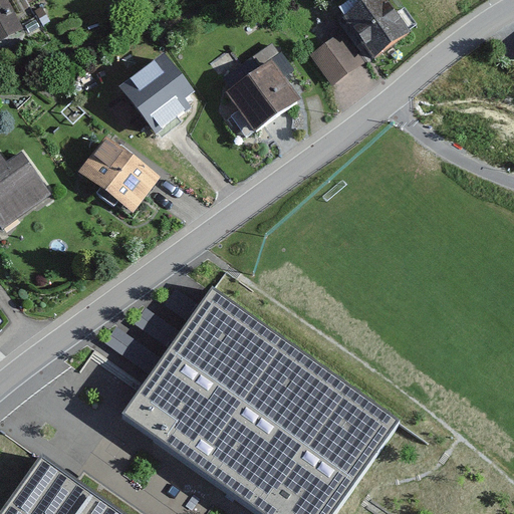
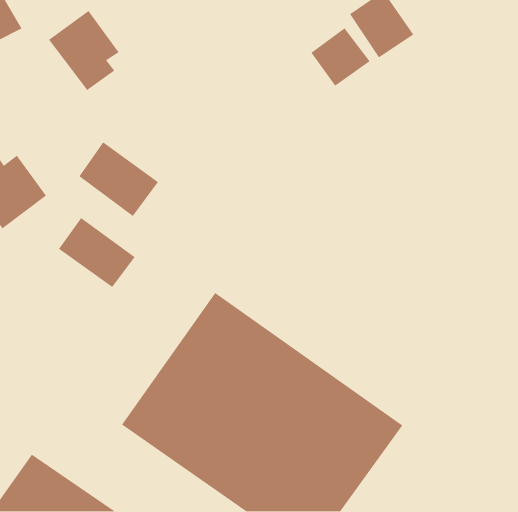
building: [123,55,194,135] -> [48,10,119,91]
building: [225,61,298,134] -> none
building: none -> [58,217,135,288]

